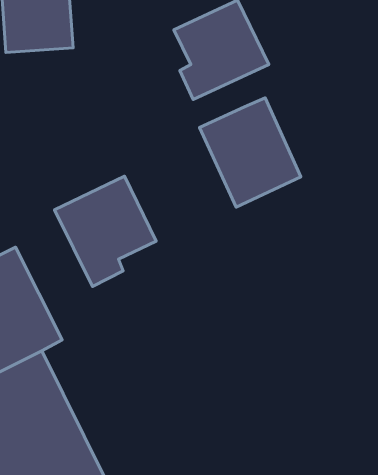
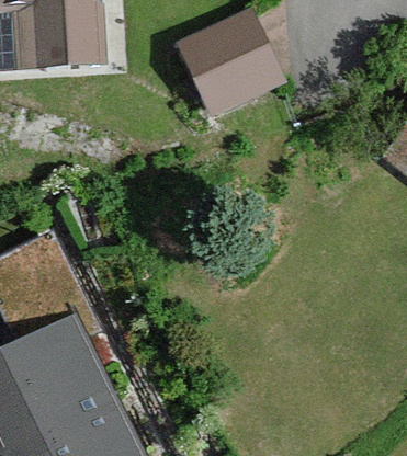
building: [200,98,301,207] -> none
building: [54,176,156,286] -> none

